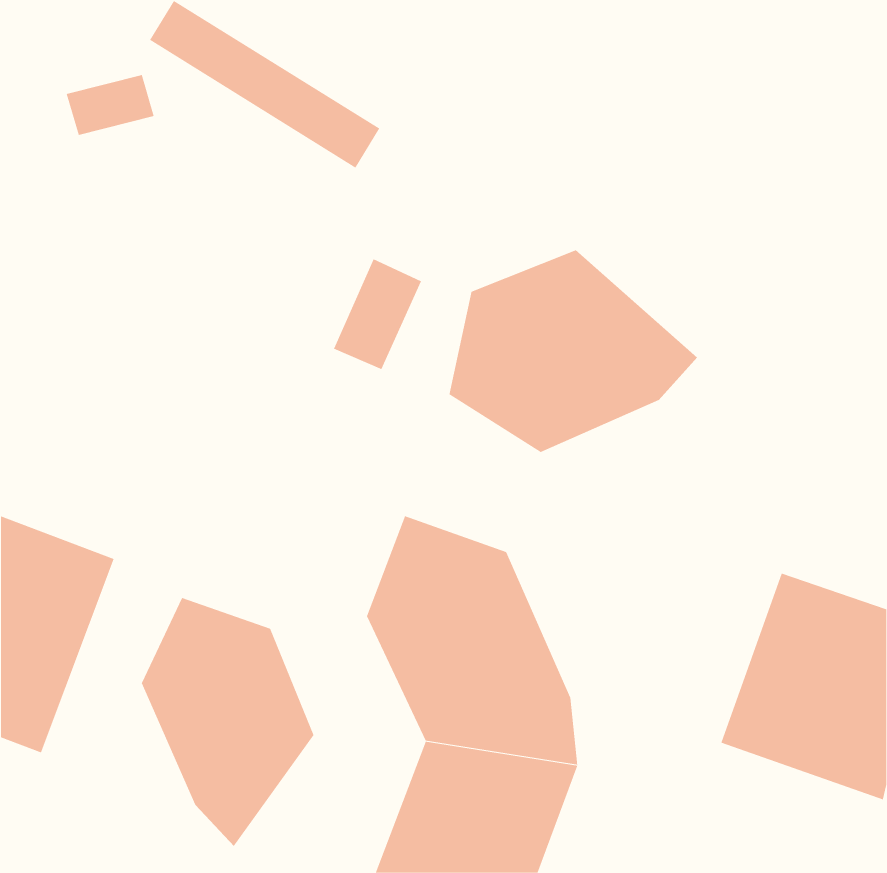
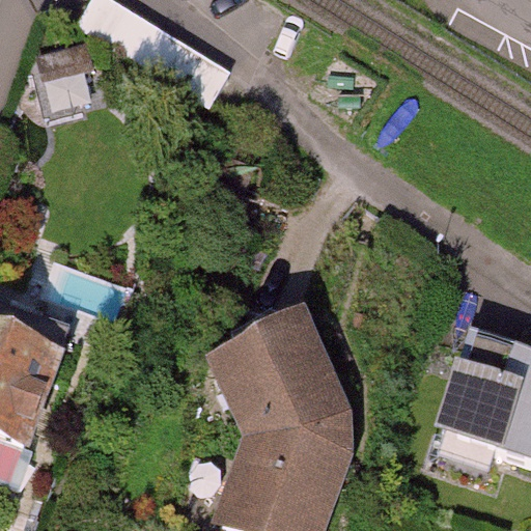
building: [449,250,698,453] -> none
building: [141,597,314,847] -> none

